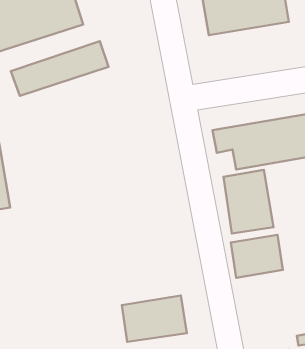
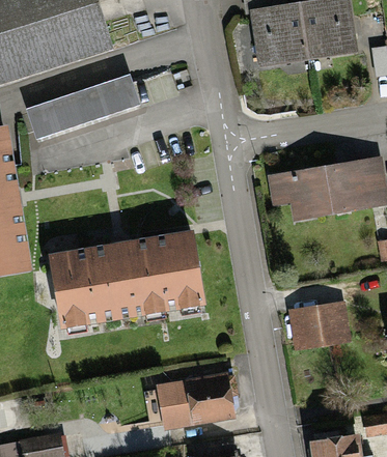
building: [223,170,274,234] -> none
building: none -> [45,227,206,325]

